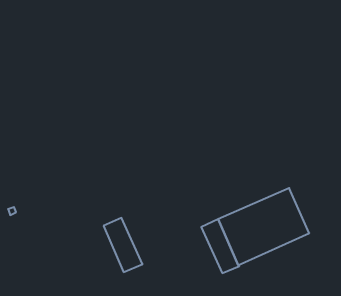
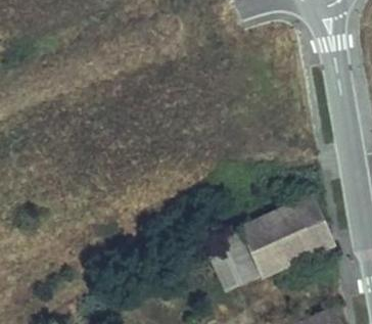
building: [104,218,143,272] -> [205,236,245,291]

